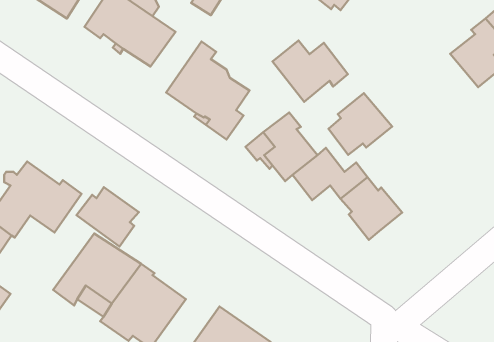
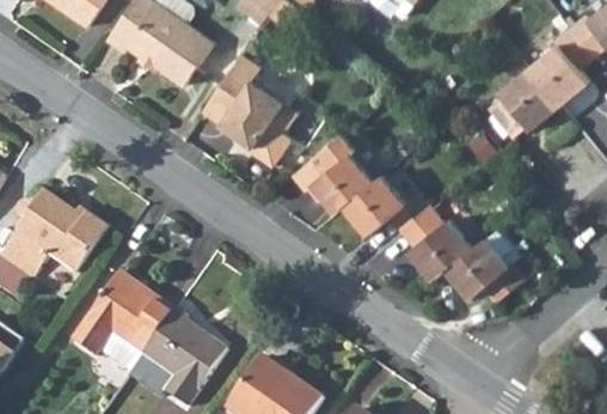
building: [272,41,348,102] -> none
building: [328,93,392,155] -> [488,66,560,136]
building: [77,187,139,246] -> none
building: none -> [447,238,526,302]

